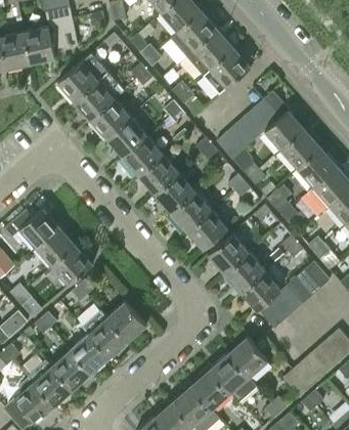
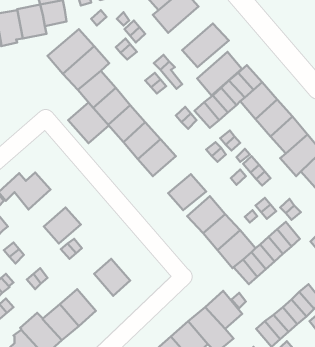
building: [186,29,234,76] -> [197,52,242,95]
building: none -> [68,103,109,143]
building: [170,190,211,230] -> none
building: [36,226,76,266] -> none
building: [81,310,127,357] -> none

